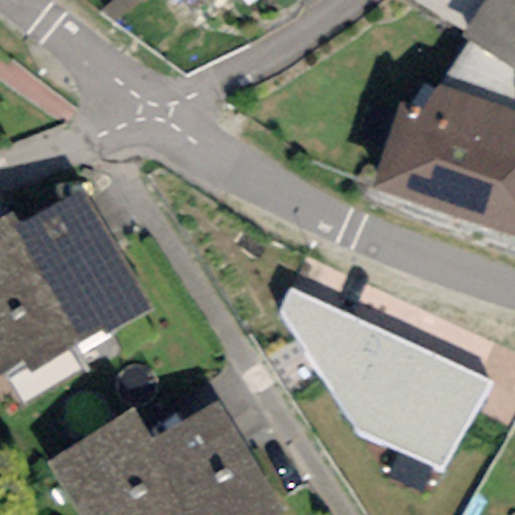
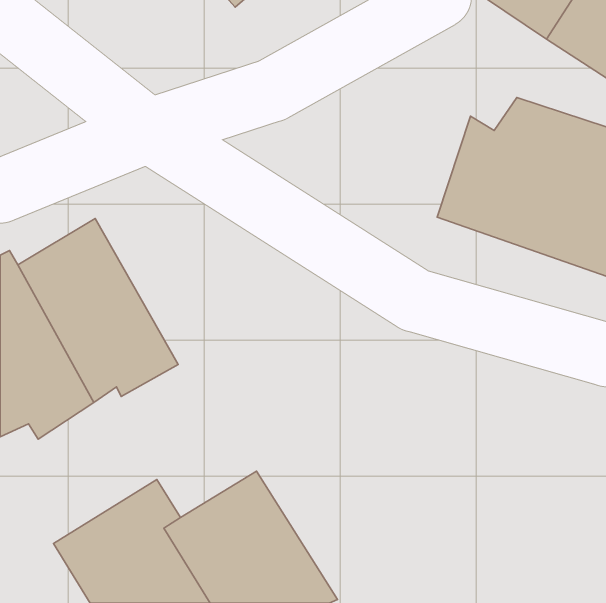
building: [280,289,492,466] -> none

